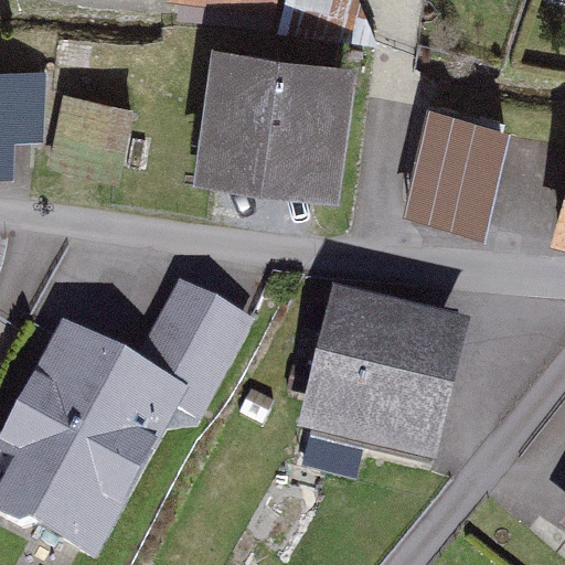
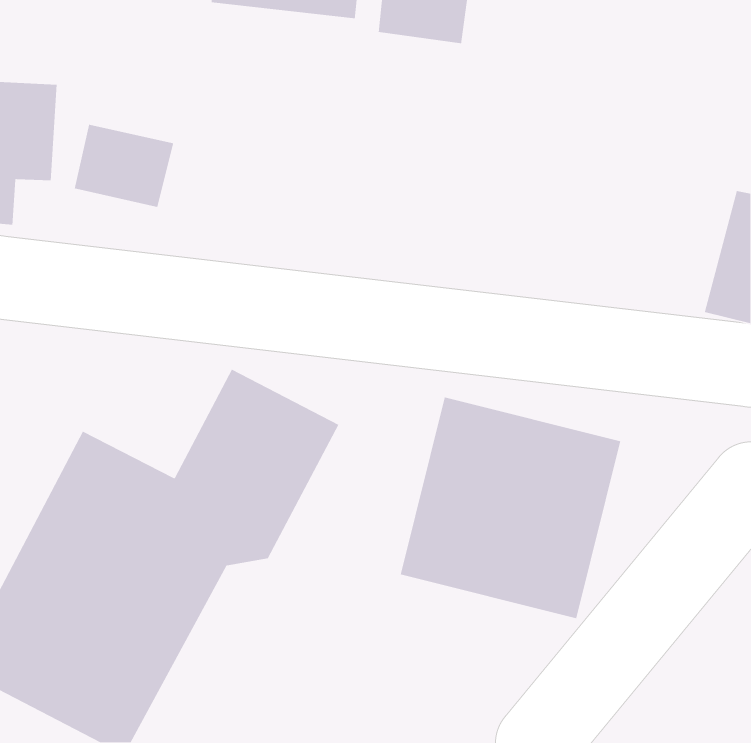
building: [198,35,350,178] -> none
building: [404,102,505,222] -> none

